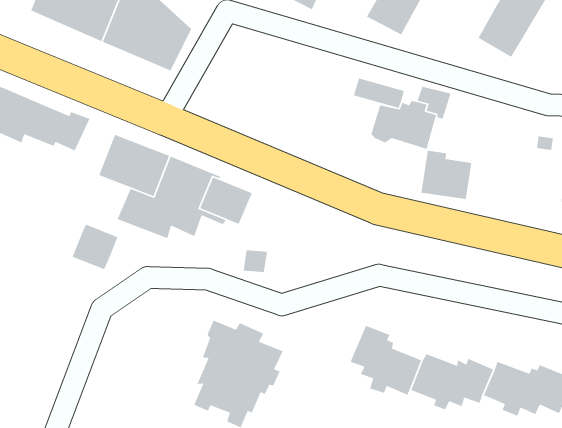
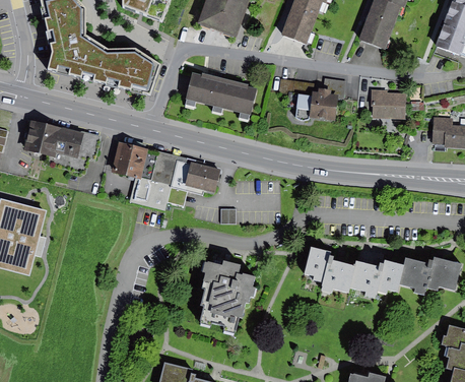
building: none -> [184,72,257,121]
building: [421,150,472,200] -> [372,88,404,119]
building: [71,224,119,270] -> none

